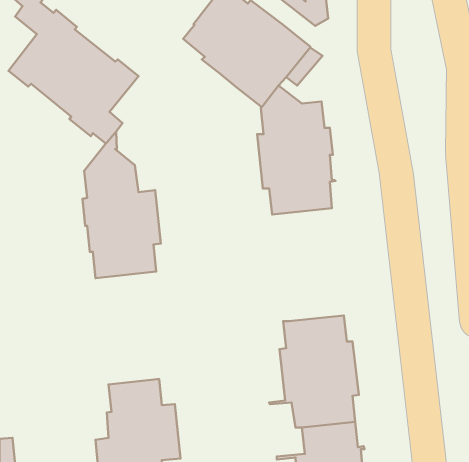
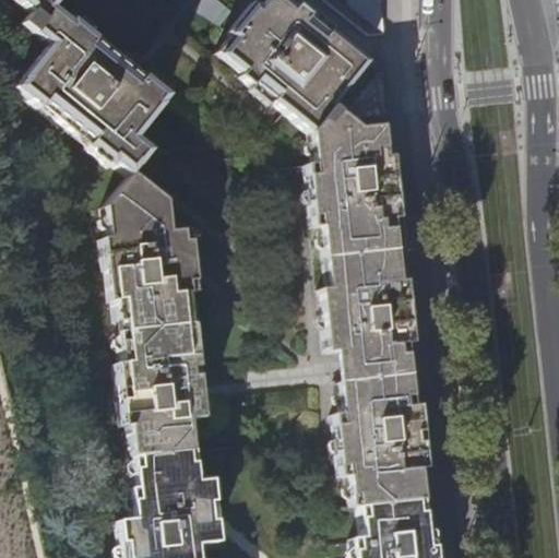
building: none -> [323,248,415,380]
building: none -> [119,322,205,454]

